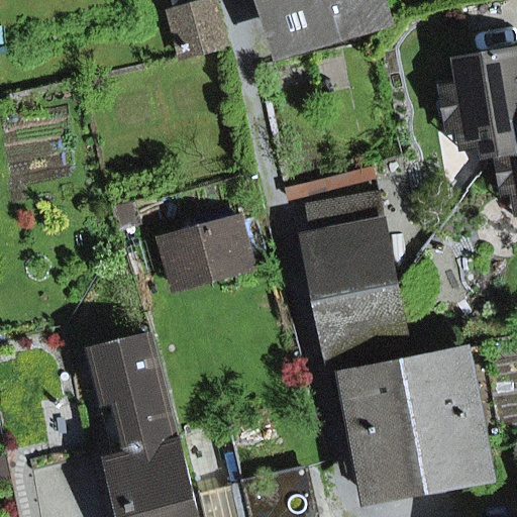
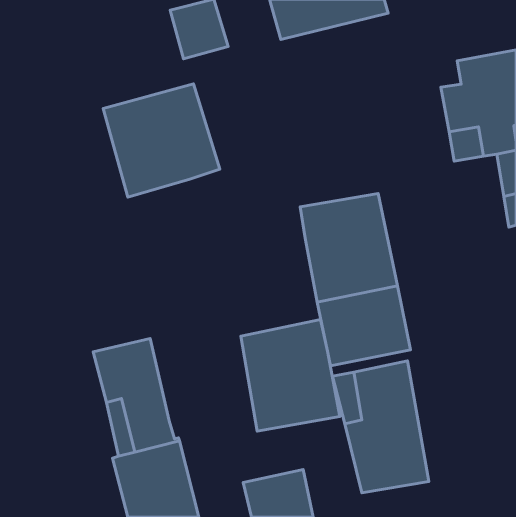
building: none -> [103,84,220,197]
building: [164,222,247,282] -> none
building: none -> [241,320,340,431]
building: [406,349,481,480] -> none

